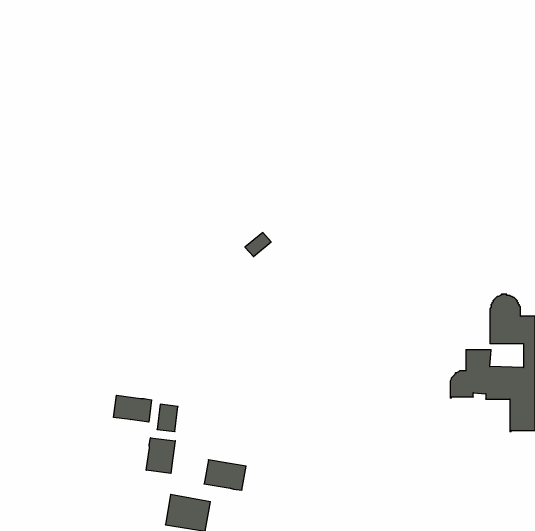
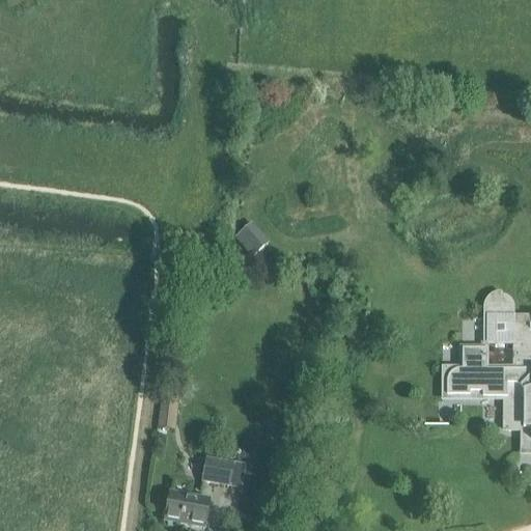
building: [114,395,152,422] -> none
building: [146,438,175,473] -> none

